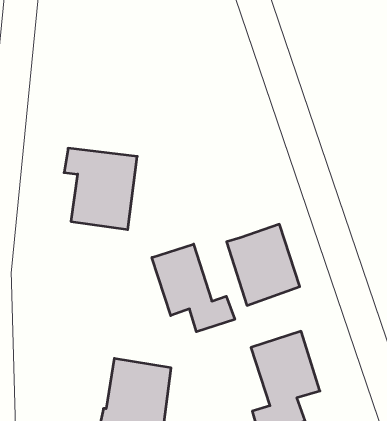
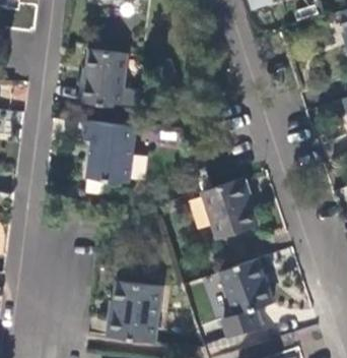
building: none -> [79,50,127,107]
building: [152,244,235,332] -> none

